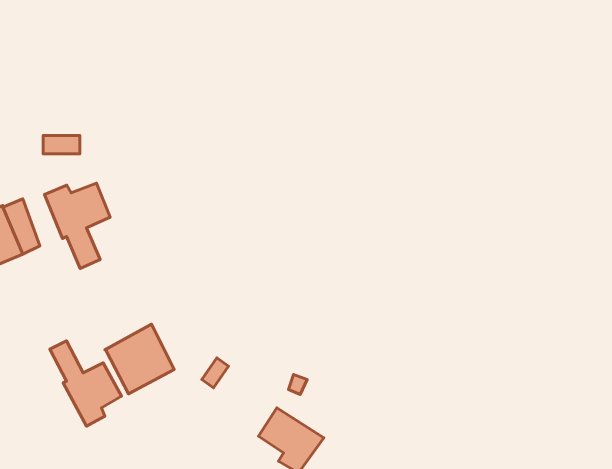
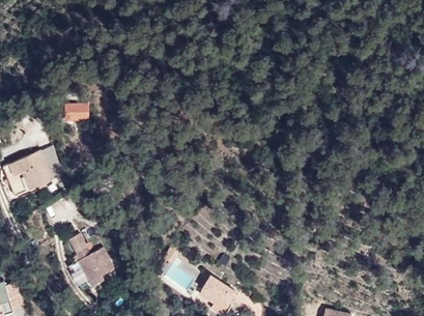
building: [44,183,110,268] -> none
building: [105,324,174,394] -> none

